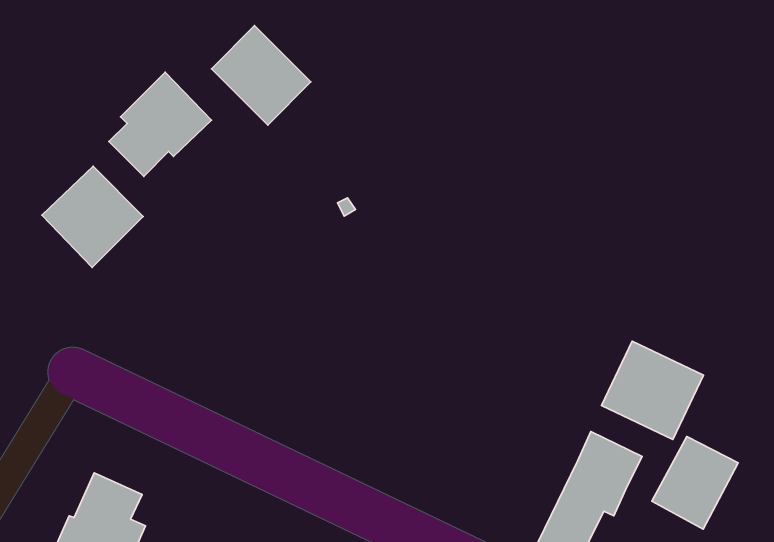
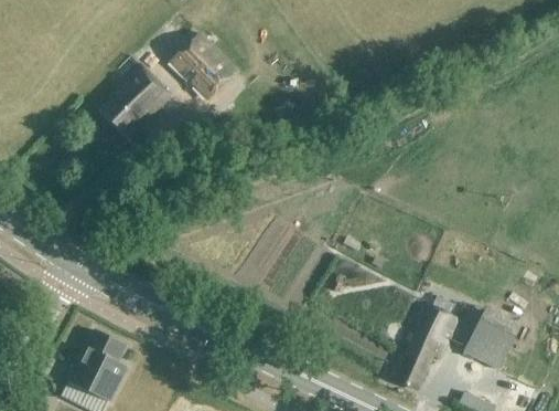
building: [42,166,143,267] -> none
building: [602,341,704,440] -> none

